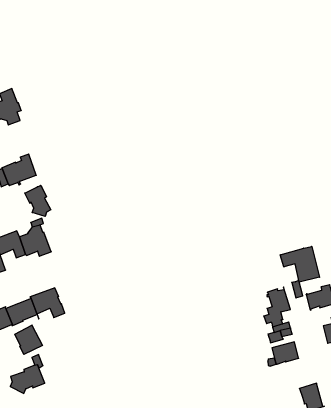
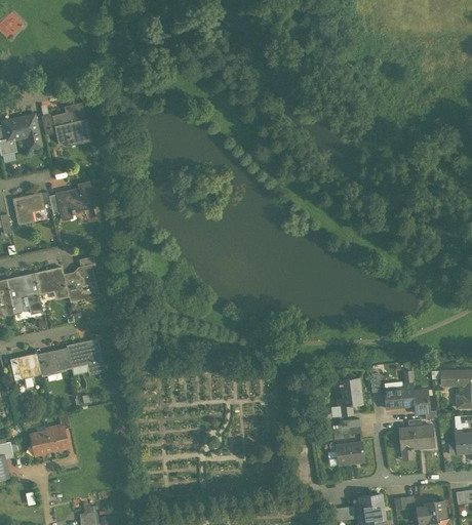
building: [25,185,51,216] -> none
building: [280,246,320,282] -> none
building: [15,325,42,354] -> none

